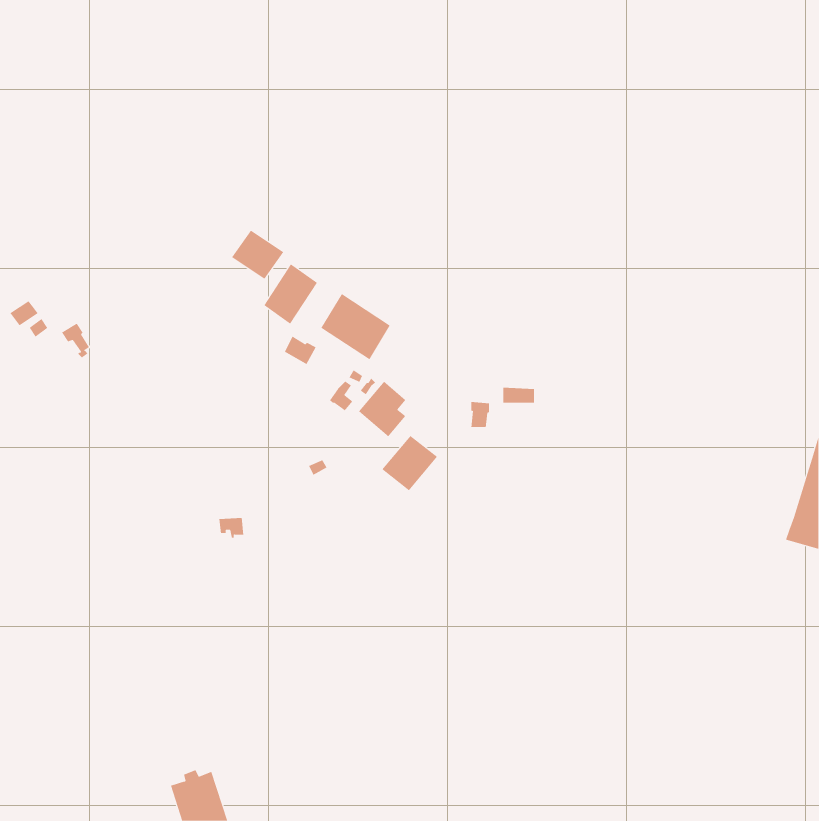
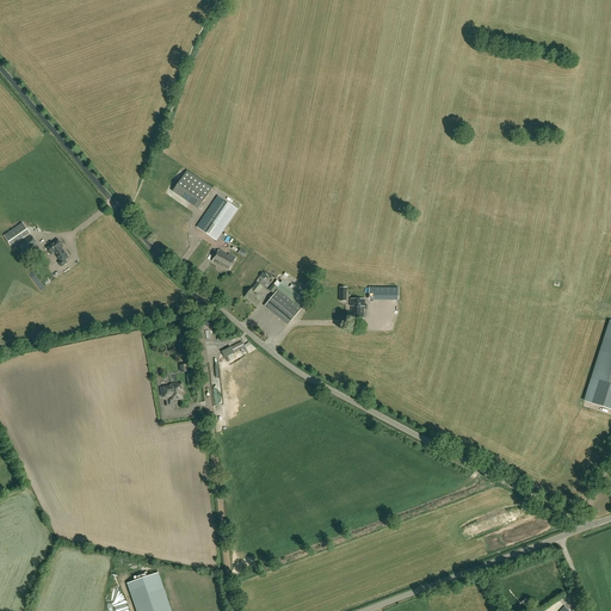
building: [320,293,391,360] -> none
building: [382,435,438,491] -> none

